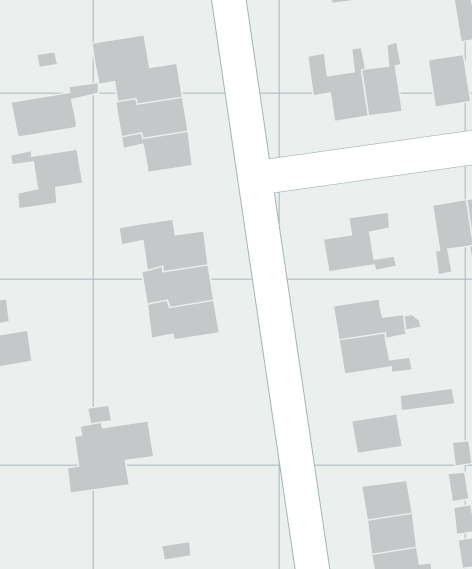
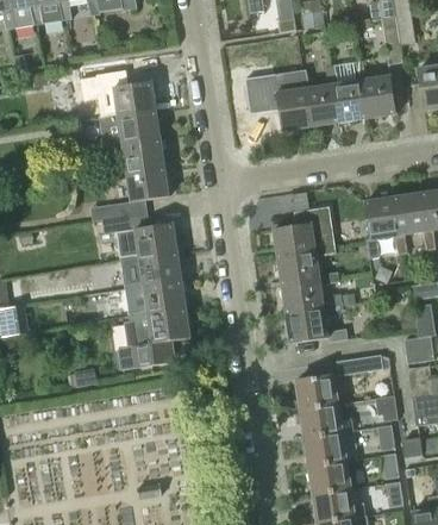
building: none -> [333,61,367,123]
building: [11,82,99,137] -> none
building: [10,149,83,209] -> [107,168,168,218]
building: none -> [277,251,338,286]
building: [67,421,154,493] -> [118,308,190,369]
building: none -> [301,404,343,437]

